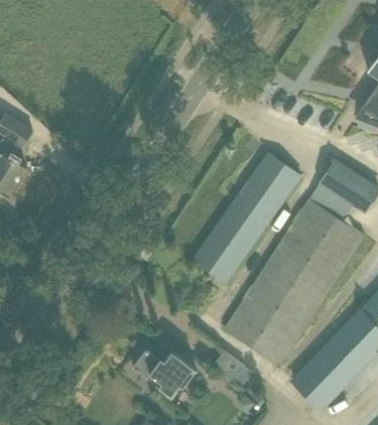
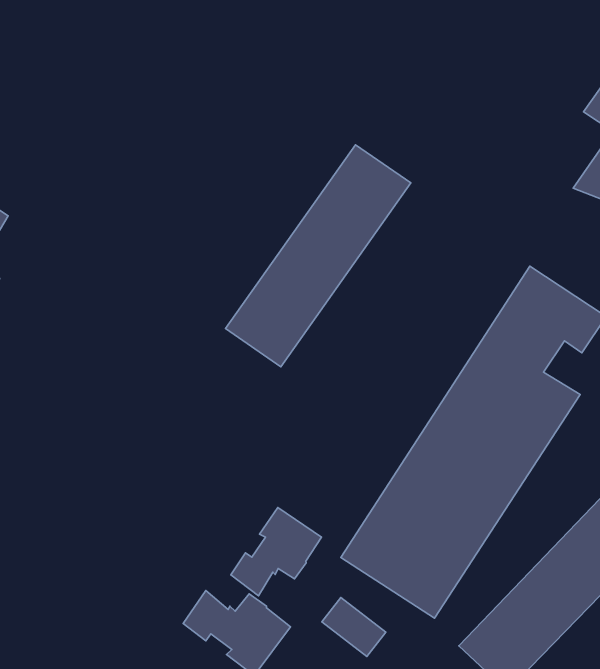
building: [193,154,300,283] -> [225,145,411,367]
building: none -> [231,508,322,596]

